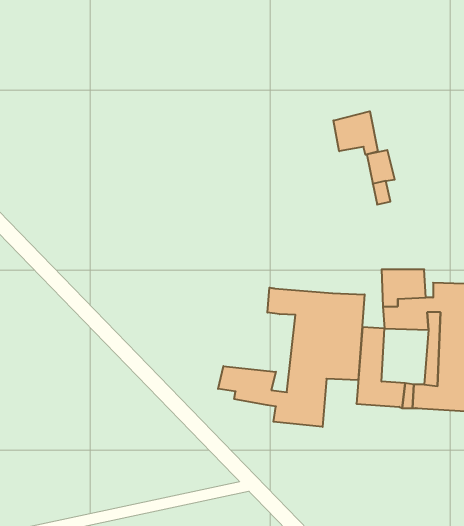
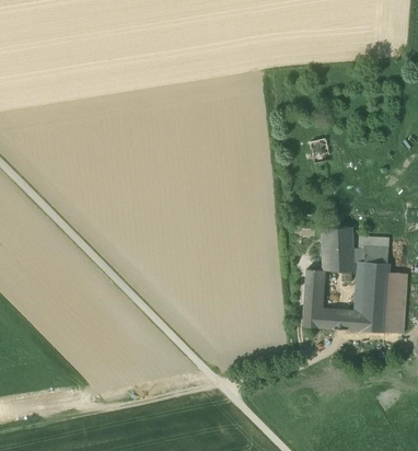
building: [333,111,378,155] -> none
building: [218,288,365,427] -> none

